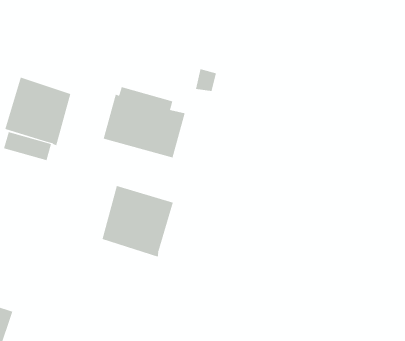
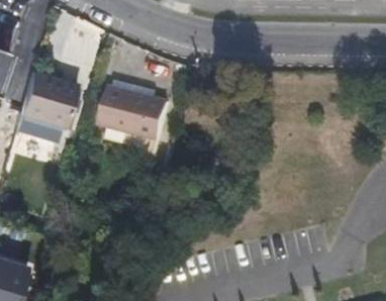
building: [102,185,173,258] -> none

